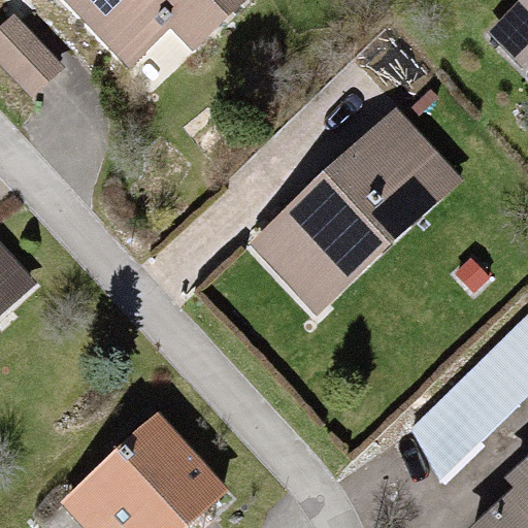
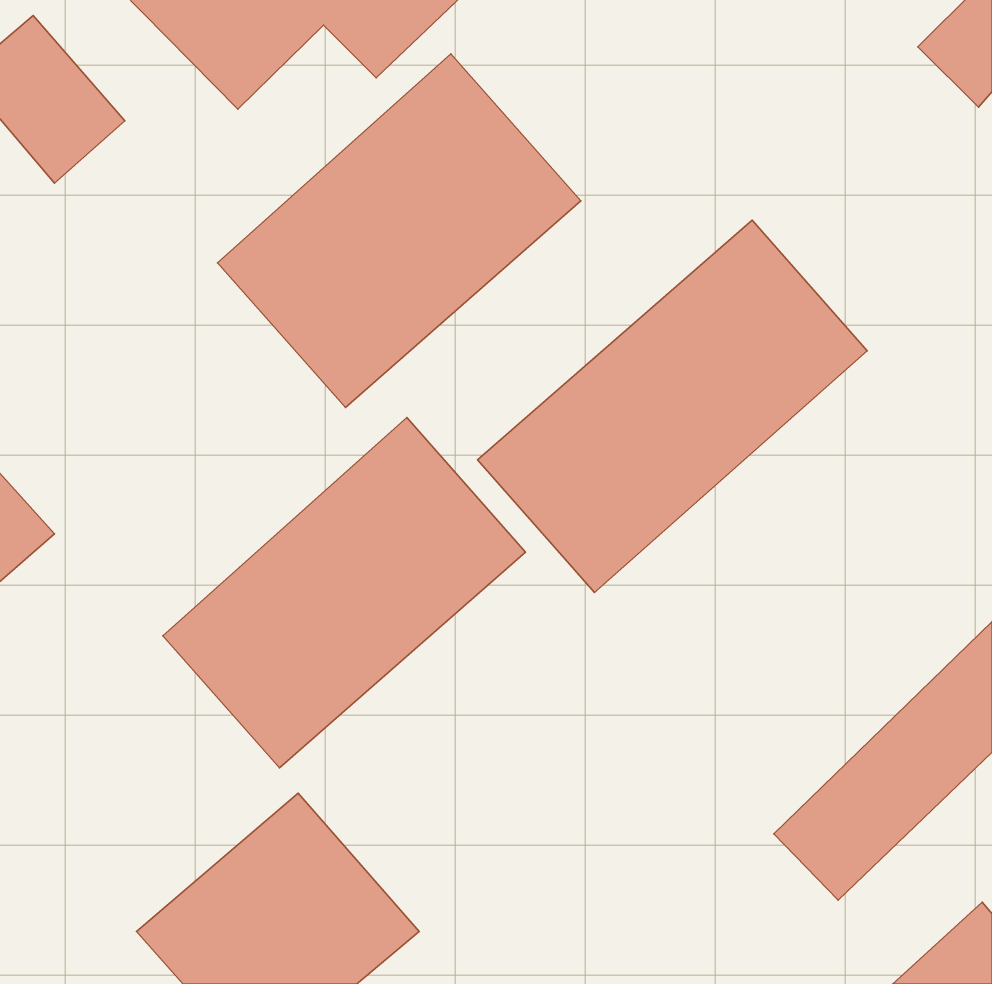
building: none -> [217,54,581,407]
building: none -> [163,418,525,768]

